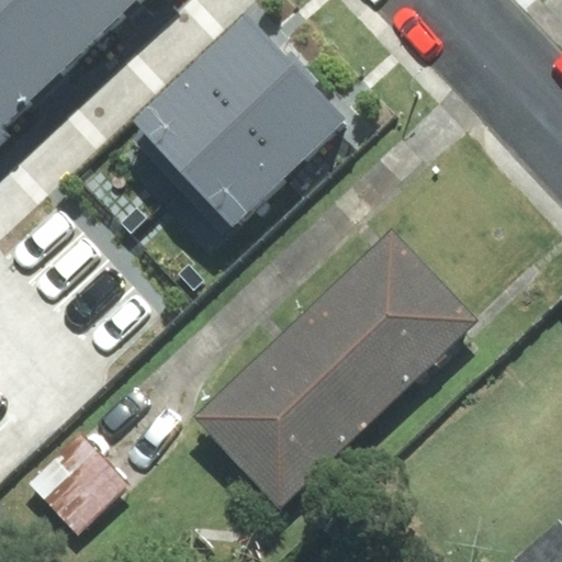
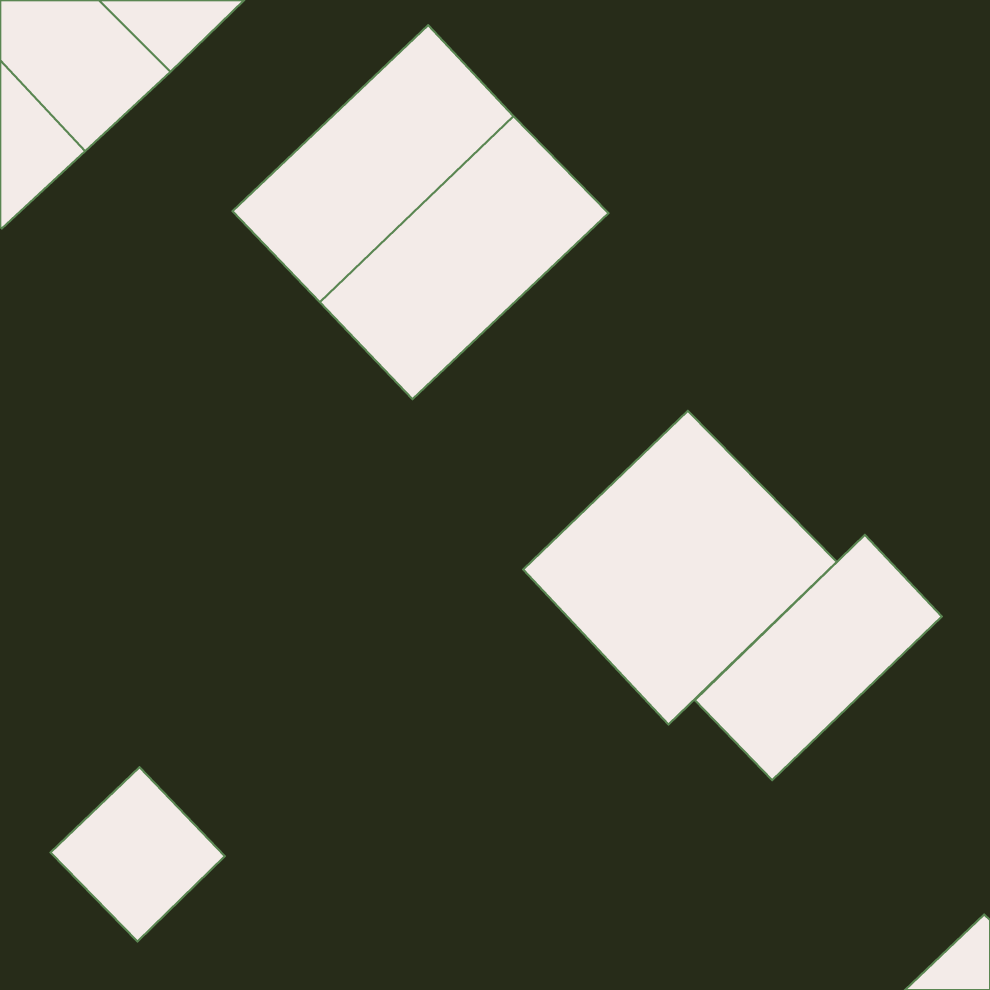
building: none -> [695,535,942,780]
building: [198,323,379,503] -> none

